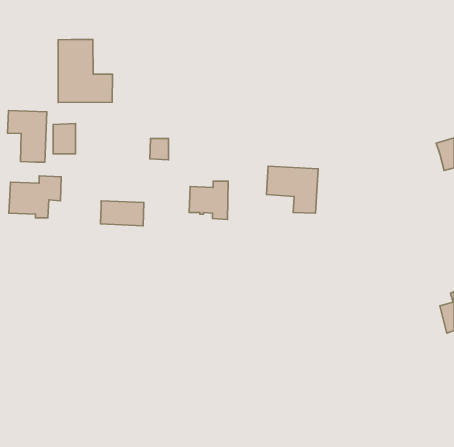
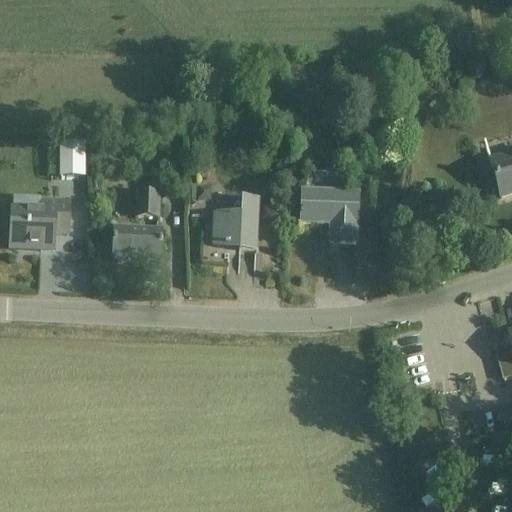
building: [58,39,112,103] -> none
building: [7,111,47,162] -> none
building: [150,138,168,160] -> [136,191,157,215]

